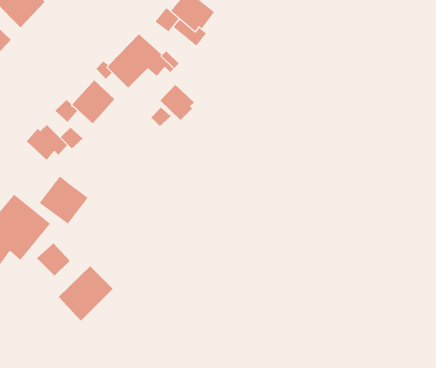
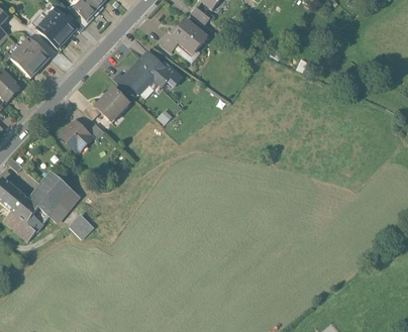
building: [159,84,195,121] -> none
building: [39,176,88,224] -> none
building: [58,265,113,321] -> none

